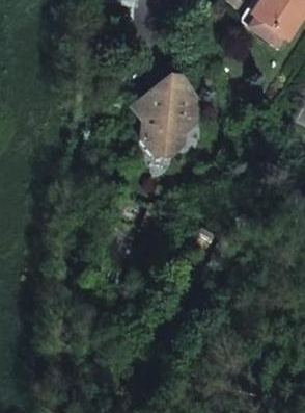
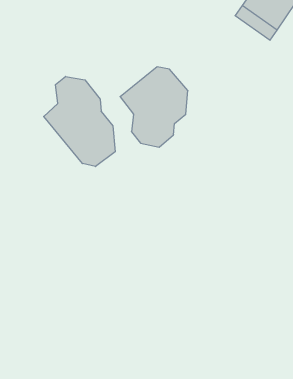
building: none -> [44,76,115,167]

